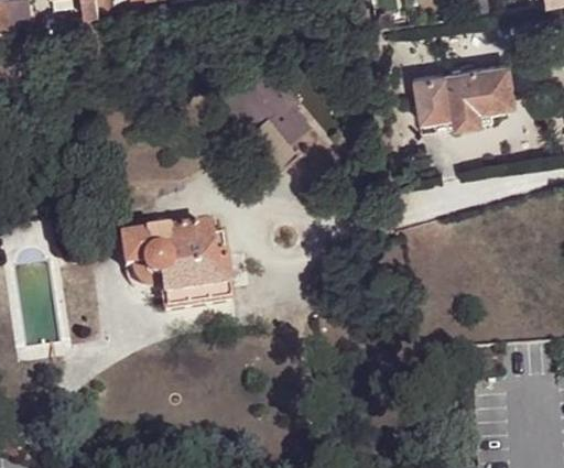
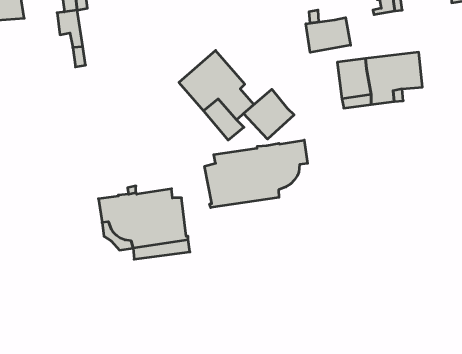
building: none -> [306,18,351,52]
building: none -> [244,89,294,139]
building: none -> [205,140,308,208]

